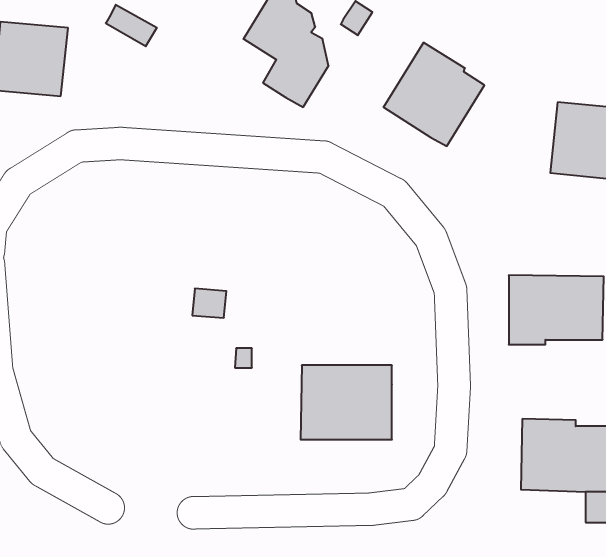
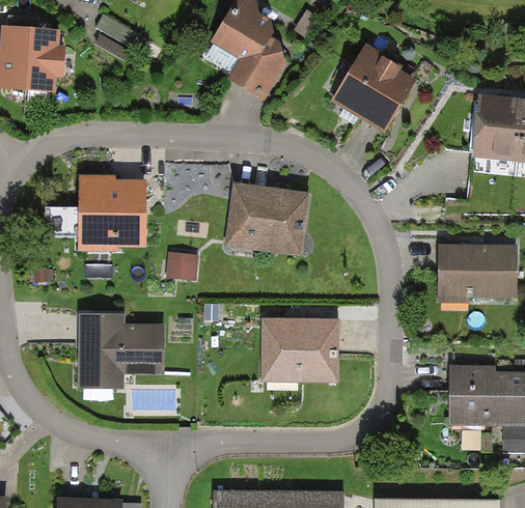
building: none -> [44,175,147,252]
building: none -> [225,184,309,256]
building: none -> [78,314,164,389]

